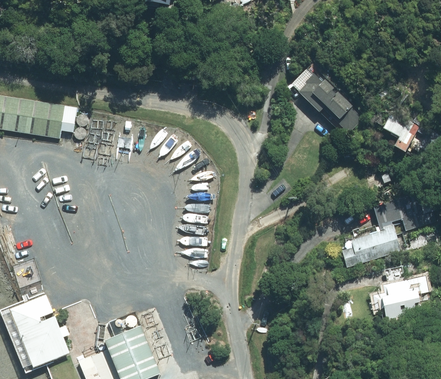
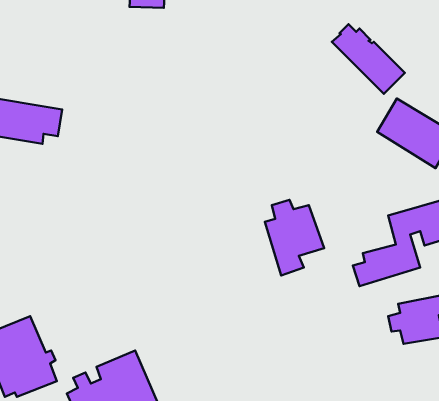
building: [297,73,363,136] -> [332,24,405,94]
building: none -> [265,200,324,275]

